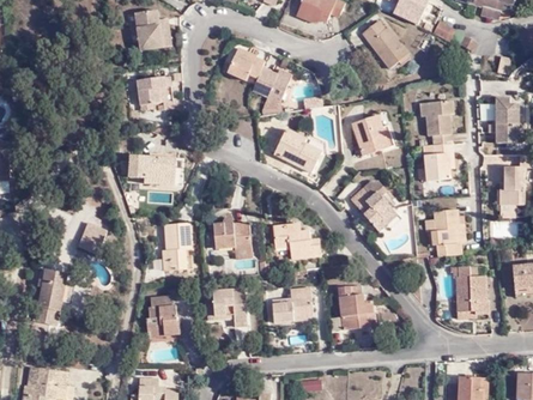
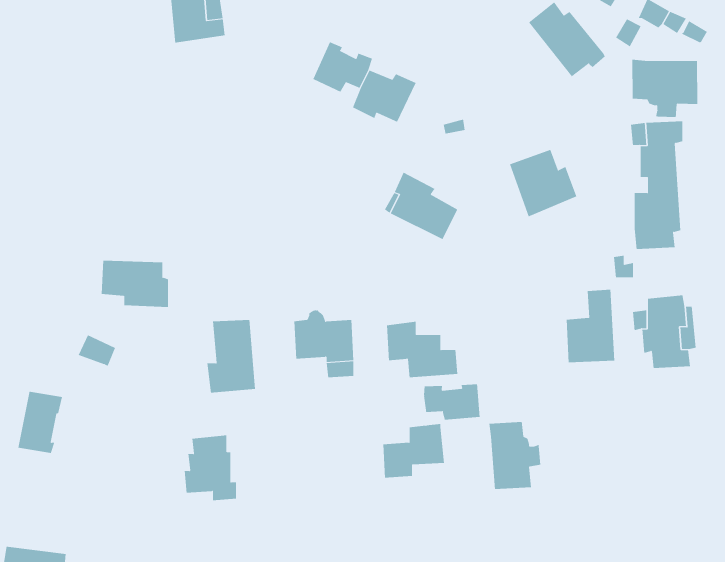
building: none -> [632,59,698,118]
building: [137,75,172,110] -> none
building: [129,156,172,186] -> [101,260,169,308]
building: [352,187,393,234] -> none
building: none -> [424,384,480,421]
building: [450,267,481,311] -> none
building: [205,291,246,329] -> none

